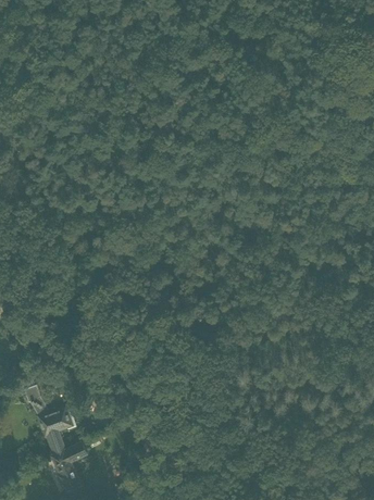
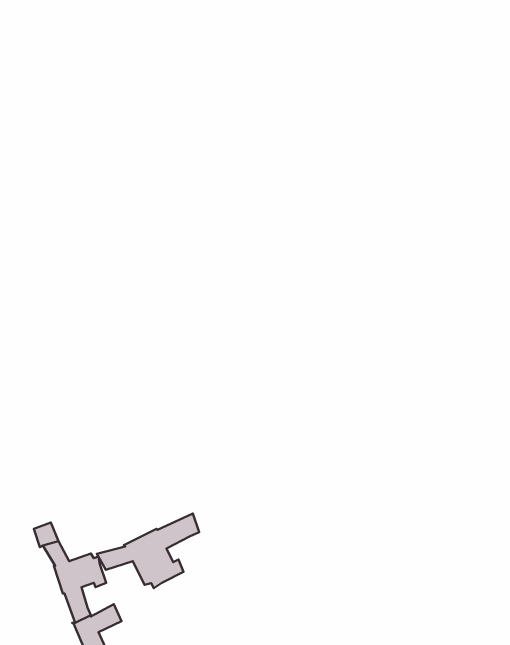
building: none -> [97,514,199,588]

